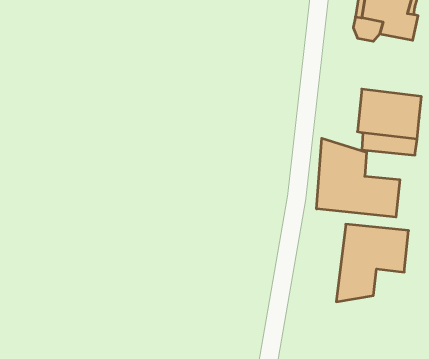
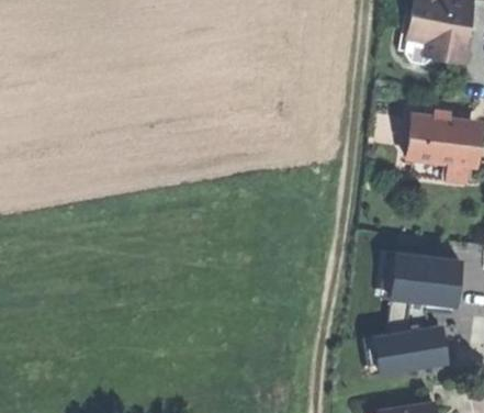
building: [317,138,400,217] -> none
building: none -> [373,324,450,375]

